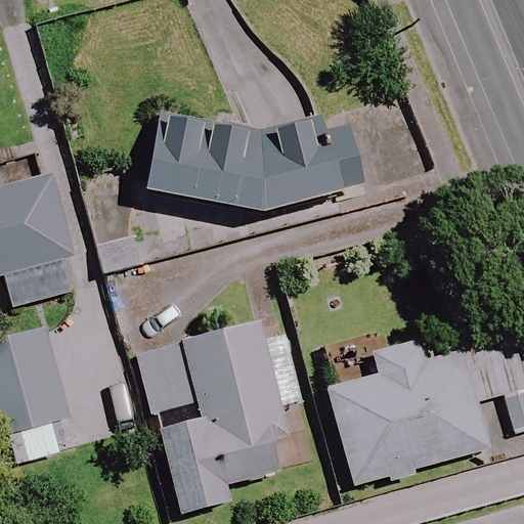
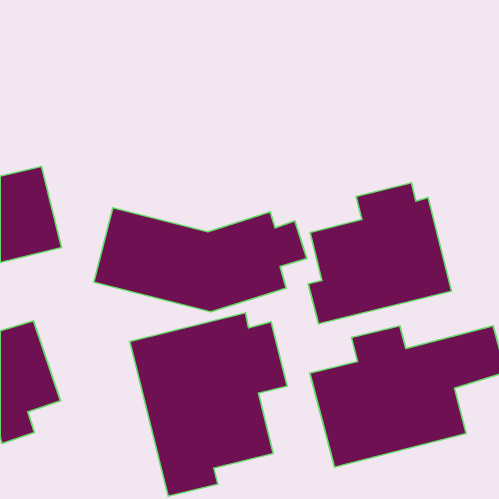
building: [143,108,363,216] -> [94,208,307,312]
building: none -> [308,183,451,324]

